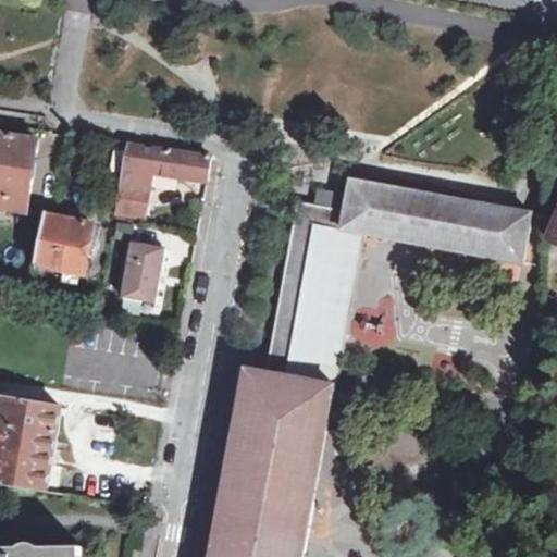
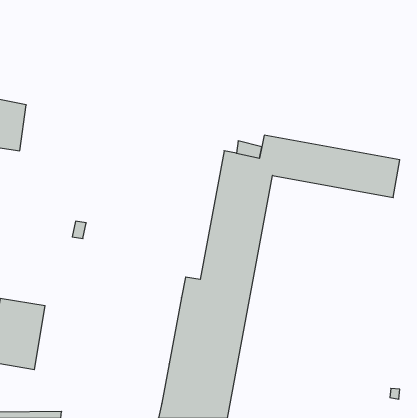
building: [114,144,210,214] -> none
building: [35,215,94,273] -> none
building: [121,243,164,302] -> none

